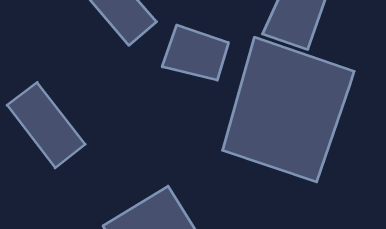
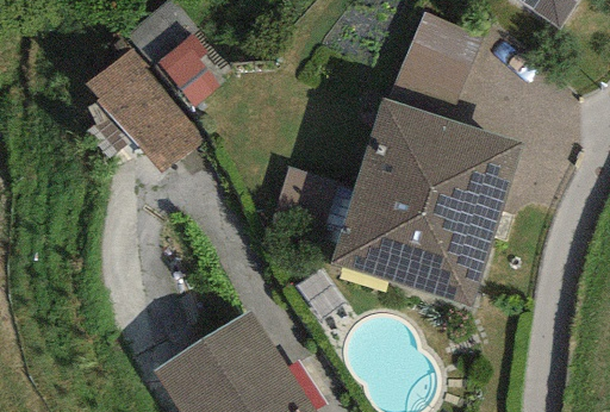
building: [162,25,228,80] -> none
building: [7,82,85,168] -> [88,48,203,173]

